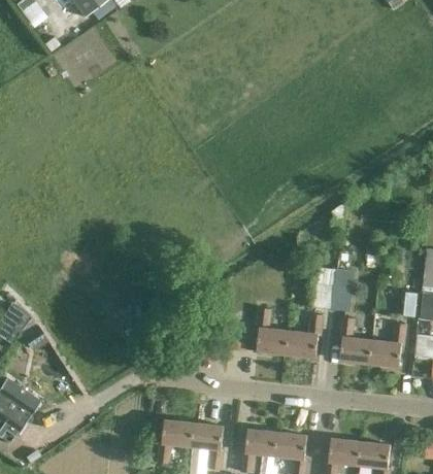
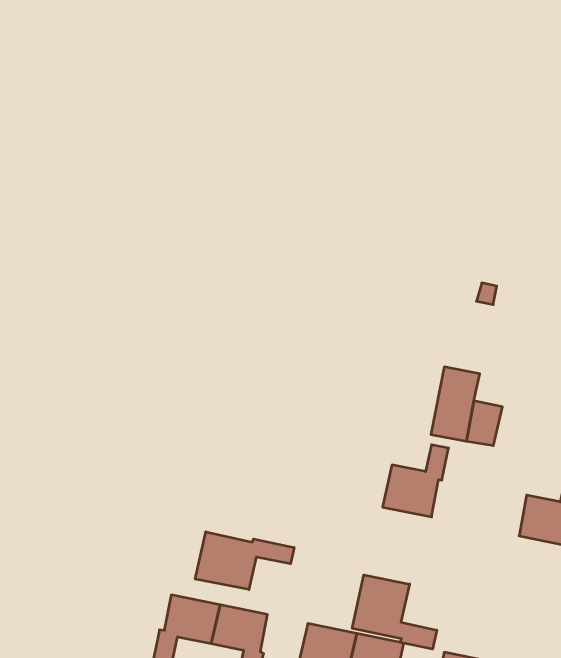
building: [257,309,290,354] -> none
building: [340,317,372,364] -> none
building: none -> [195,532,294,590]
building: none -> [352,575,437,649]

